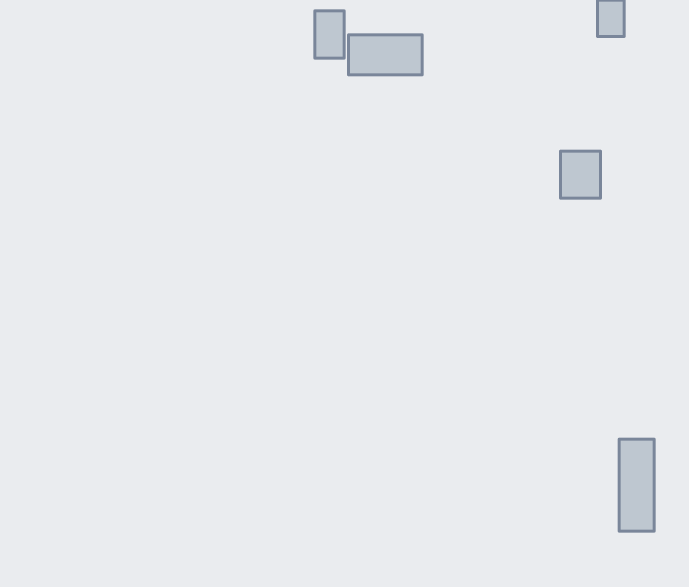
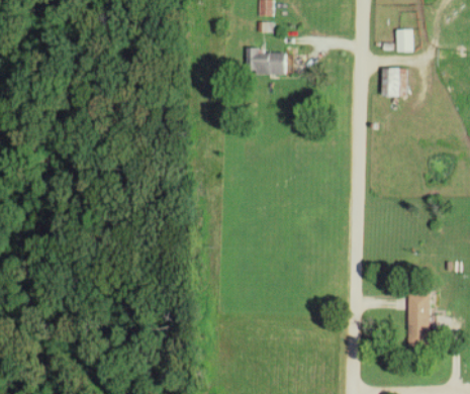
building: [315,11,344,58] -> none
building: [560,151,600,198] -> [381,68,405,96]

